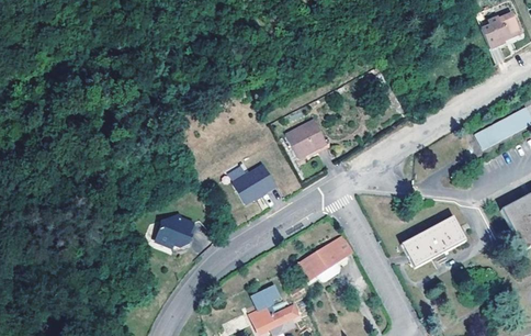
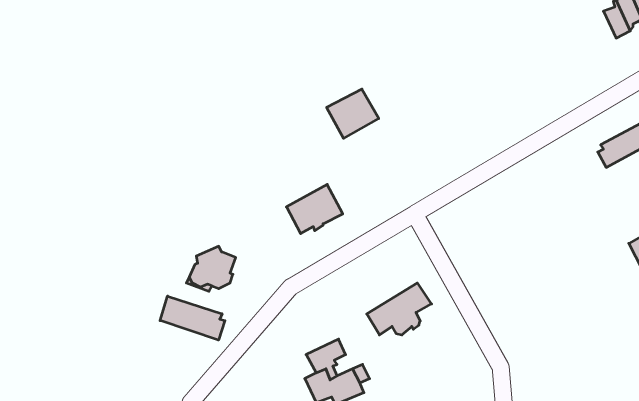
building: [286,117,327,156] -> [327,89,379,138]
building: [402,216,466,268] -> none
building: none -> [160,296,225,340]

